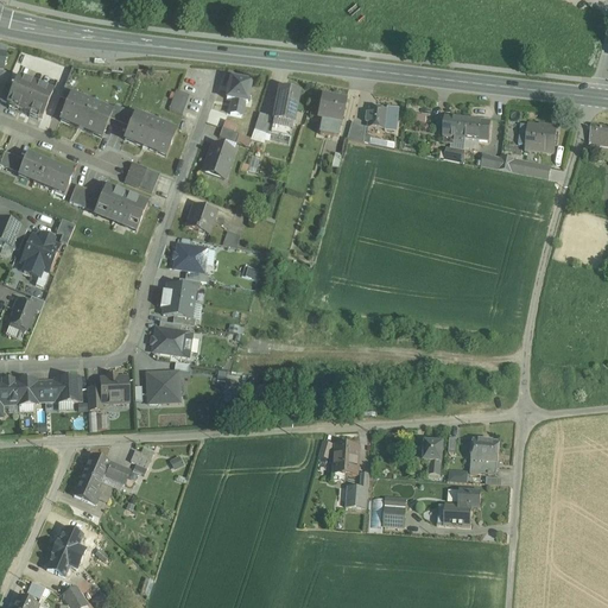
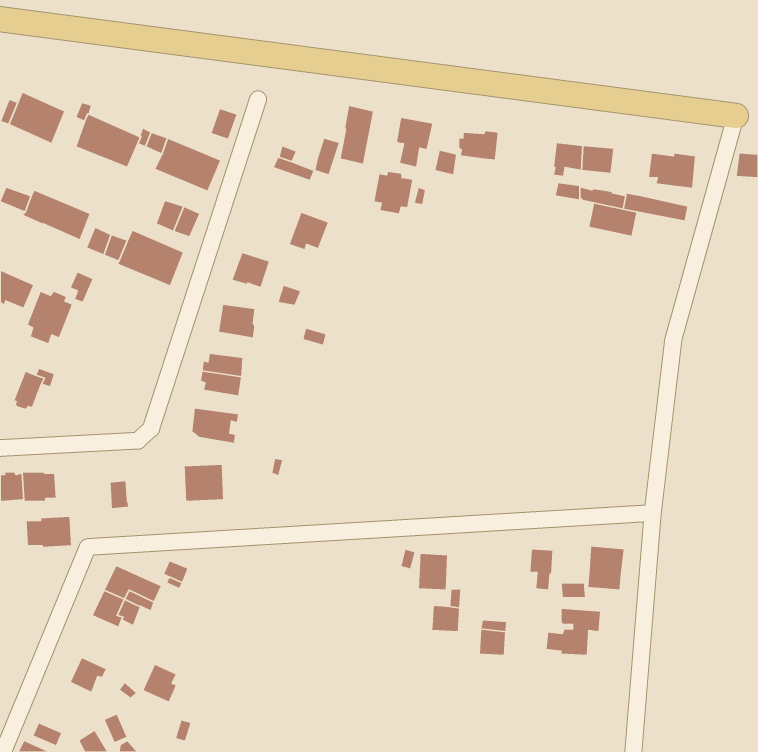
building: [227,72,251,113] -> none
building: none -> [373,171,413,214]
building: [203,140,235,171] -> [289,212,329,250]
building: none -> [589,203,637,237]
building: [101,373,128,400] -> none
building: [44,375,81,400] -> [26,516,72,547]
building: [46,546,74,577] -> [143,664,177,703]

